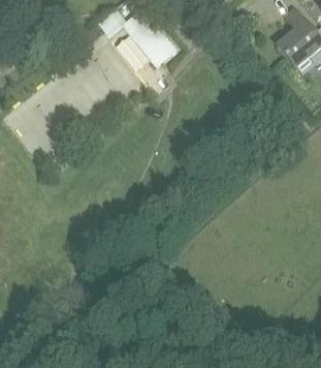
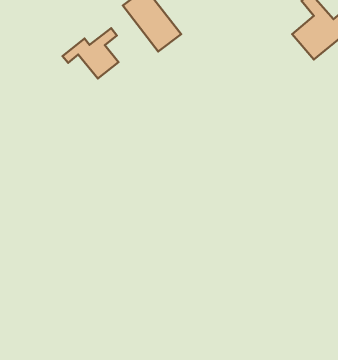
building: none -> [62,28,119,78]

